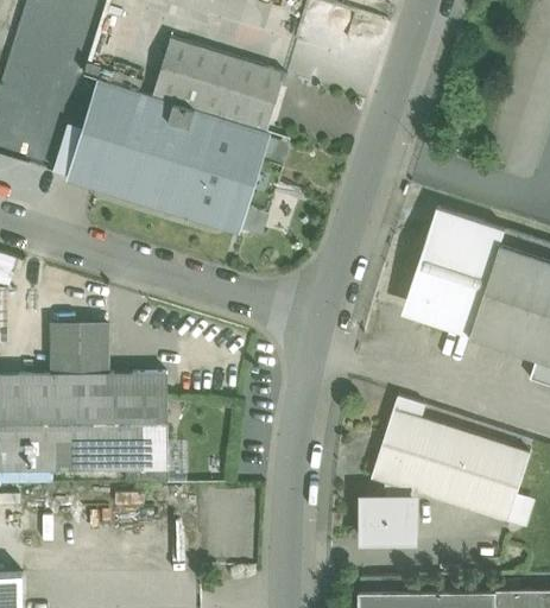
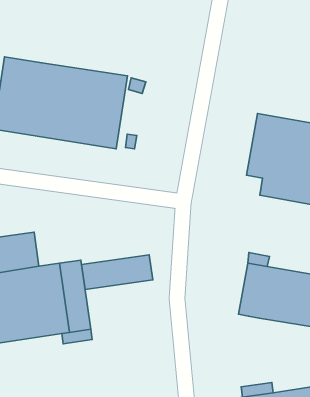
building: [152,40,284,133] -> none
building: none -> [81,255,153,290]
building: [360,484,415,540] -> none

